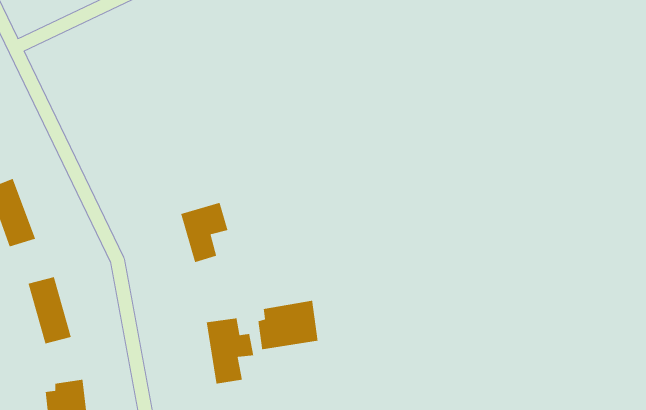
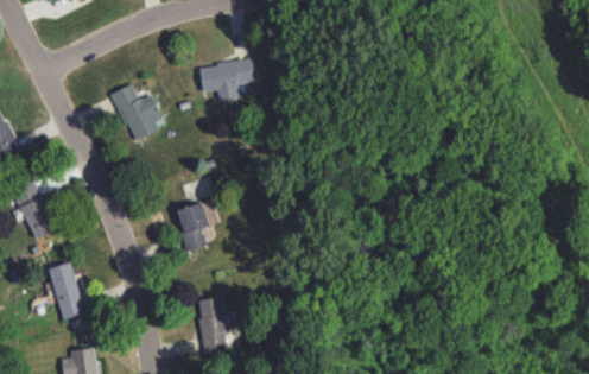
building: none -> [198,58,254,99]
building: none -> [112,83,162,140]
building: [258,300,318,350] -> none

